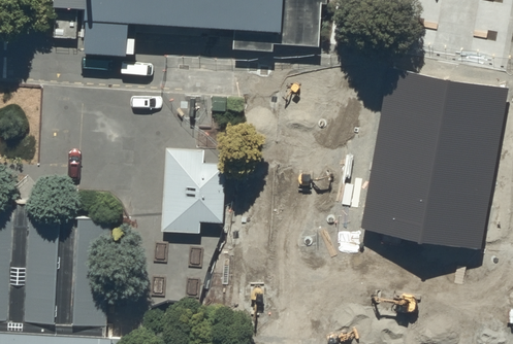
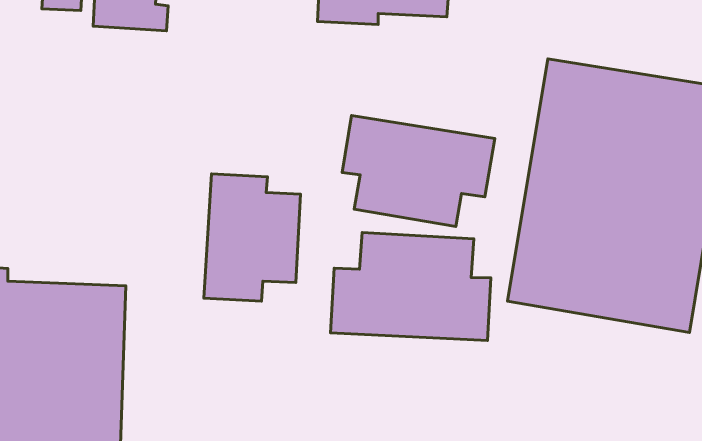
building: none -> [342,116,495,226]
building: none -> [330,232,491,341]

